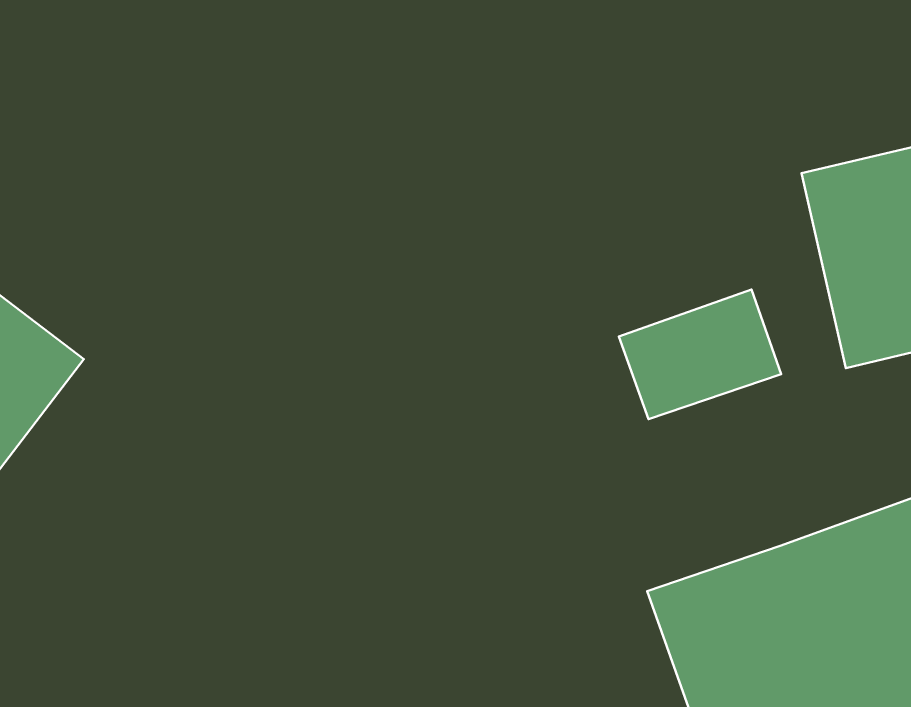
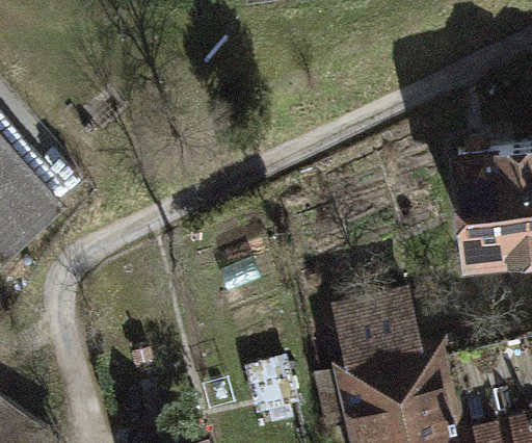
building: [619,289,781,419] -> [336,305,418,366]

